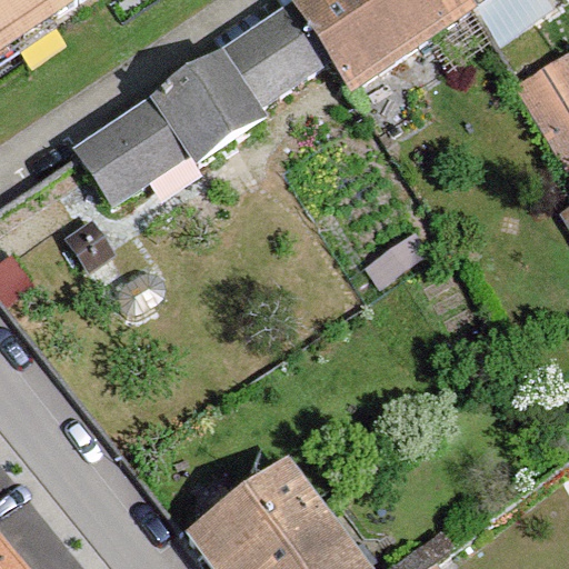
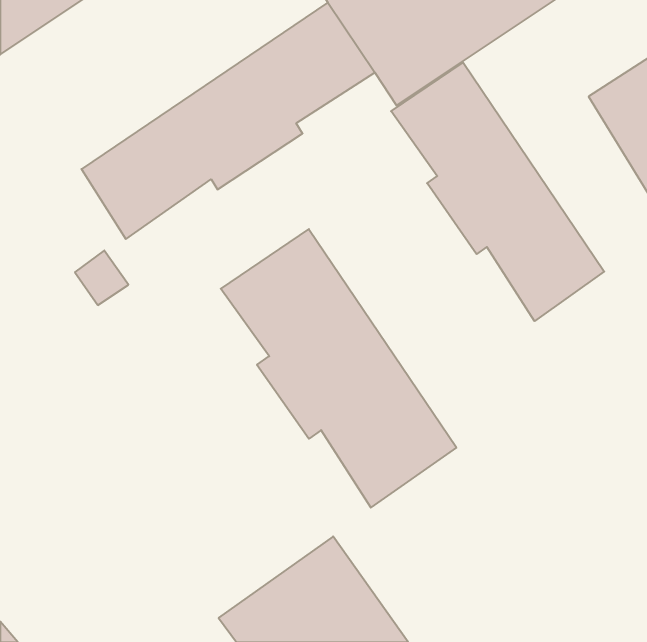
building: none -> [391,62,604,321]
building: none -> [221,229,456,508]

